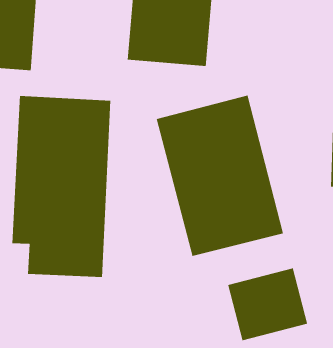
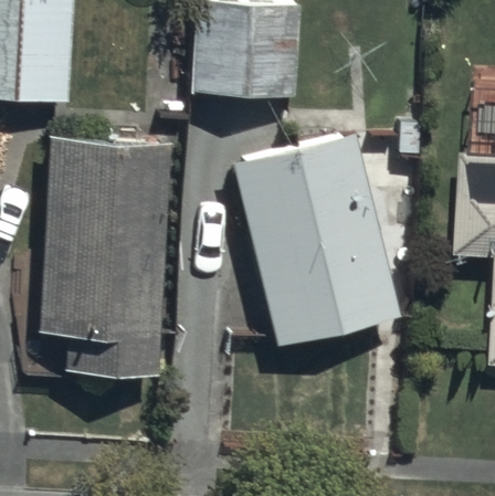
building: [228,267,308,341] -> none

